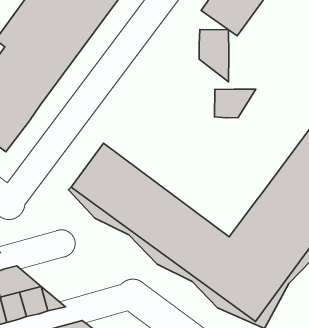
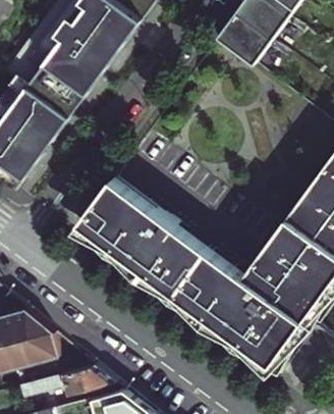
building: [199,30,229,82] -> none
building: [214,89,256,118] -> none

